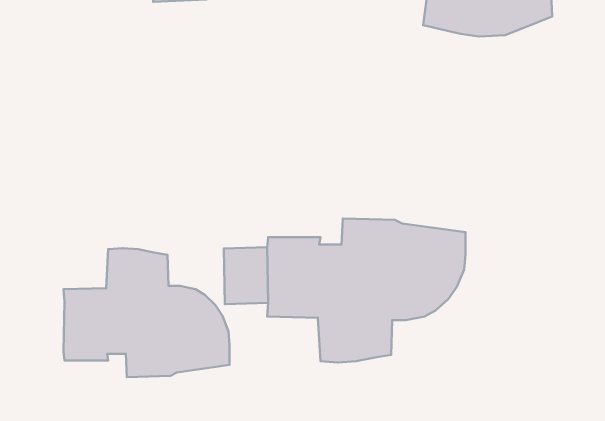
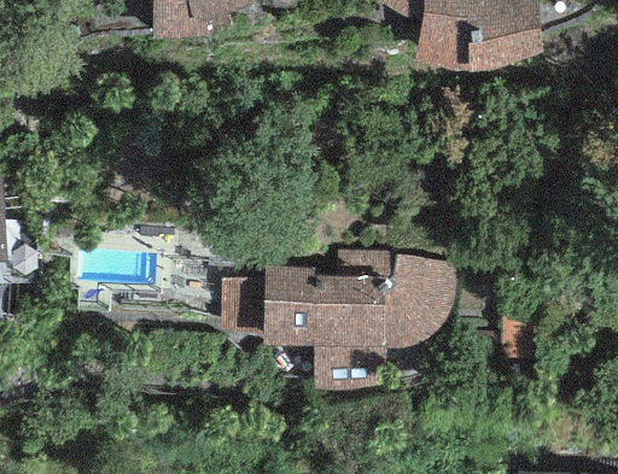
building: [64,248,230,377] -> none

